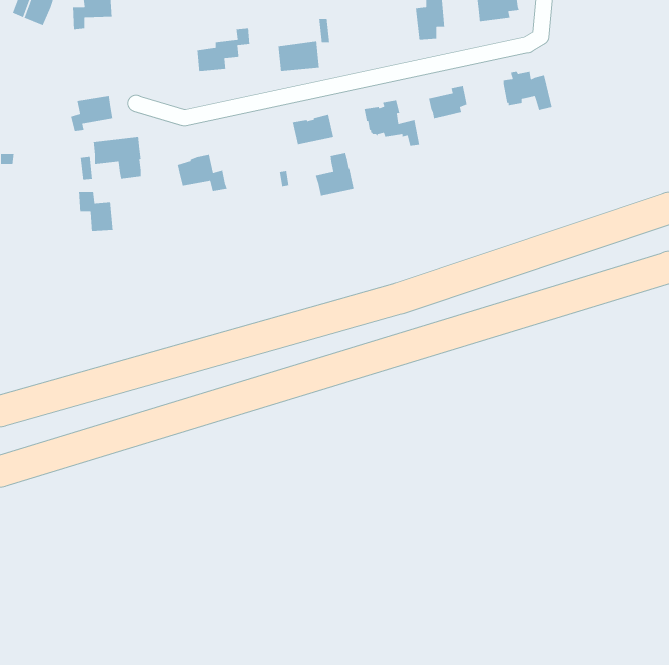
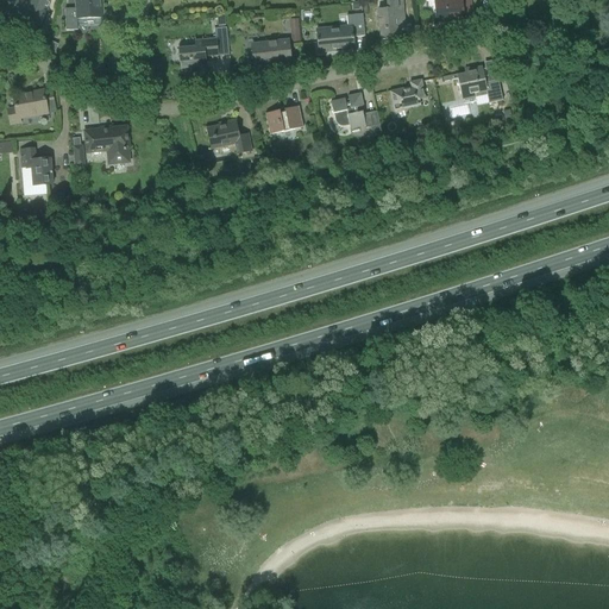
building: none -> [316,11,364,50]
building: [70,95,113,132] -> [7,88,46,121]
building: [314,152,355,197] -> none
building: [177,154,228,192] -> [206,117,252,151]
building: [78,191,113,232] -> [20,146,52,183]

